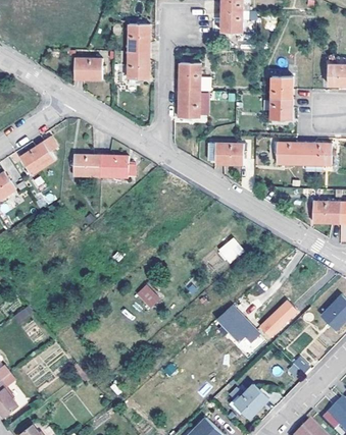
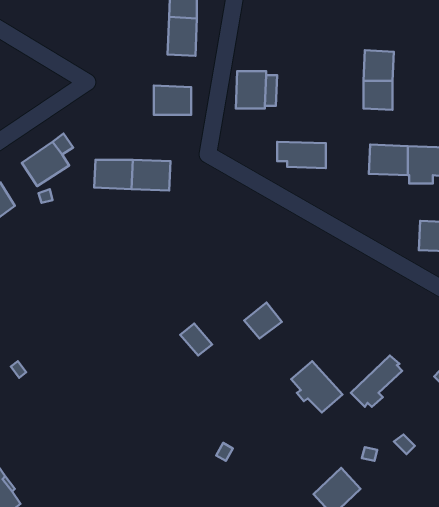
building: [75,58,102,79] -> [154,86,191,115]
building: [178,63,199,91] -> none
building: [215,238,243,265] -> [244,302,282,338]

